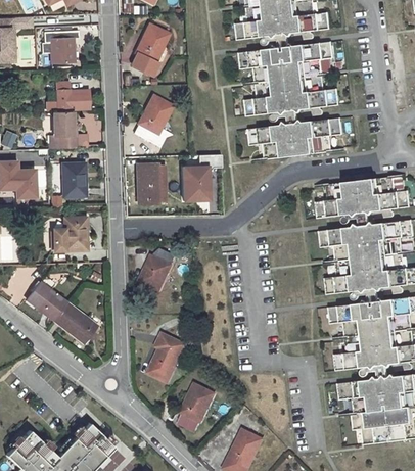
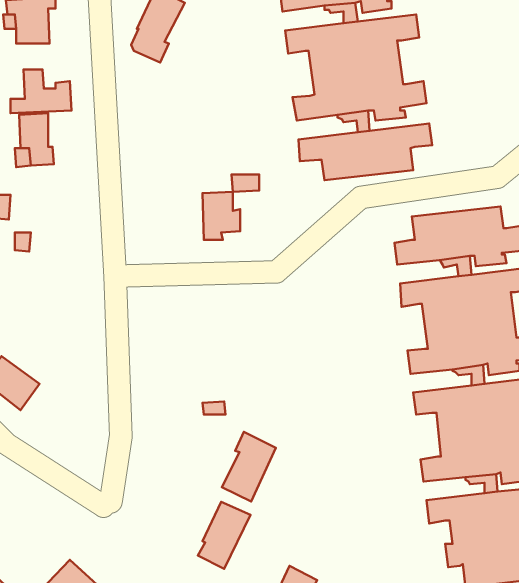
building: [134,94,172,145] -> none
building: [61,161,85,195] -> none
building: [138,163,158,202] -> none
building: [52,216,87,249] -> none
building: [139,246,176,289] -> none
building: [53,300,98,342] -> none
building: [147,332,185,381] -> [222,432,276,502]

